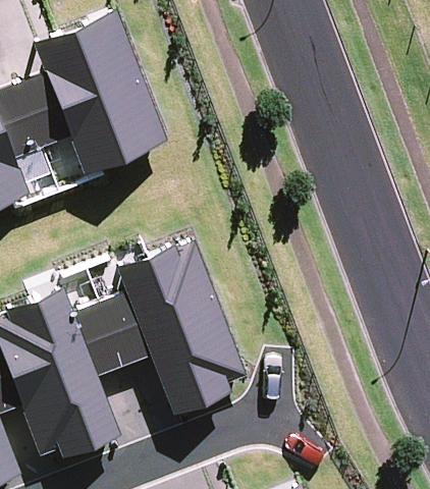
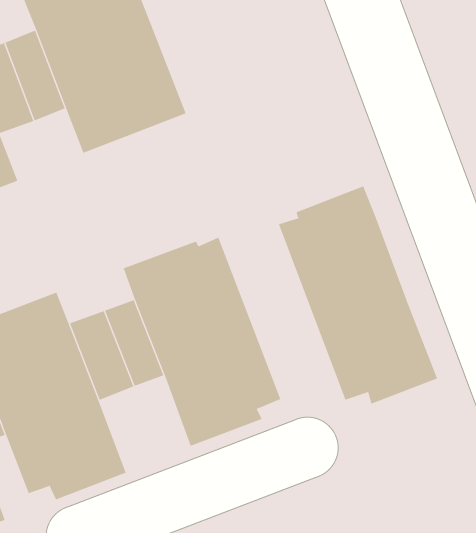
building: none -> [278,186,438,404]

